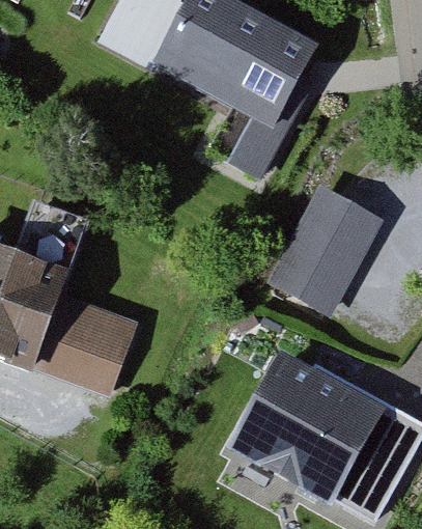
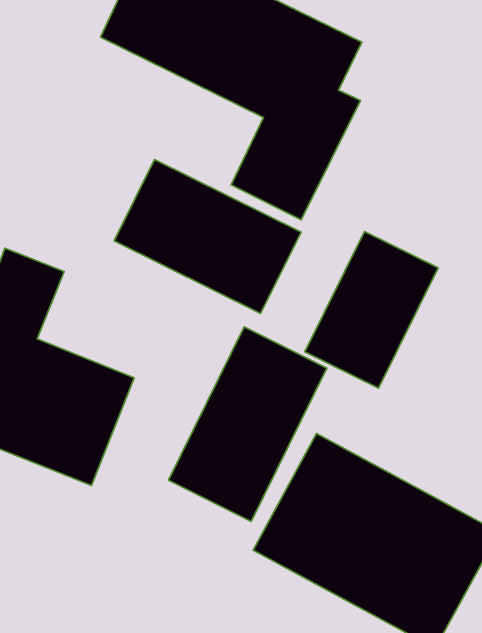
building: none -> [114,160,301,313]
building: none -> [169,327,327,521]

